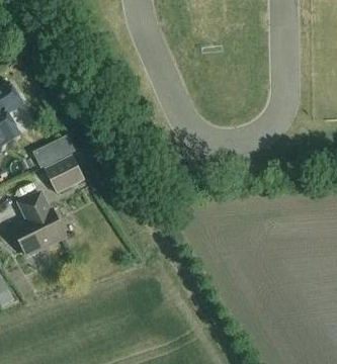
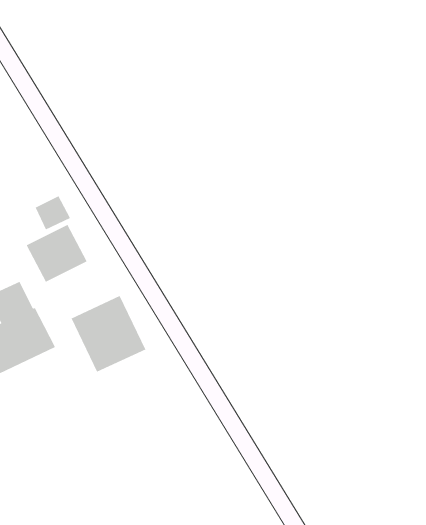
building: none -> [71,295,146,373]

